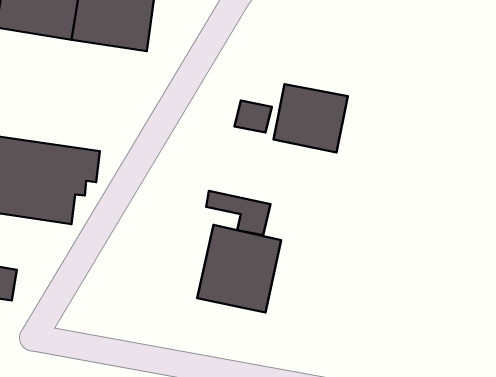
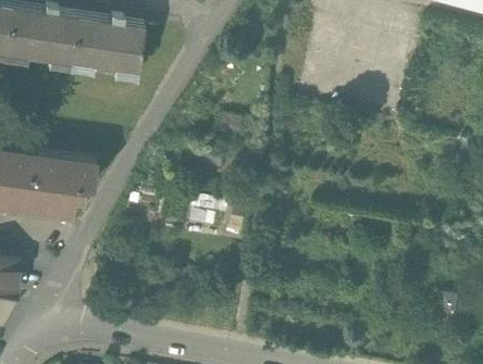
building: [274,84,348,152] -> none
building: [197,225,281,313] -> none

